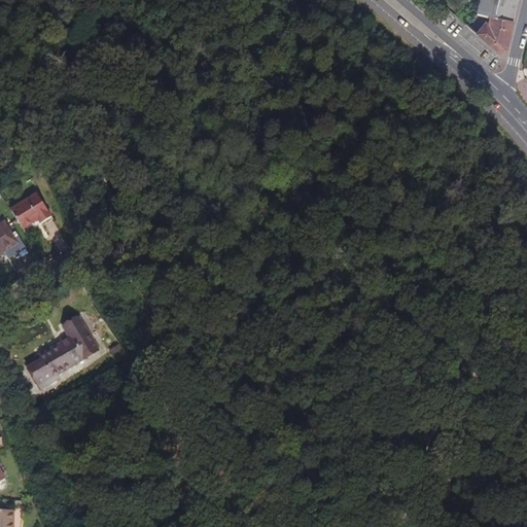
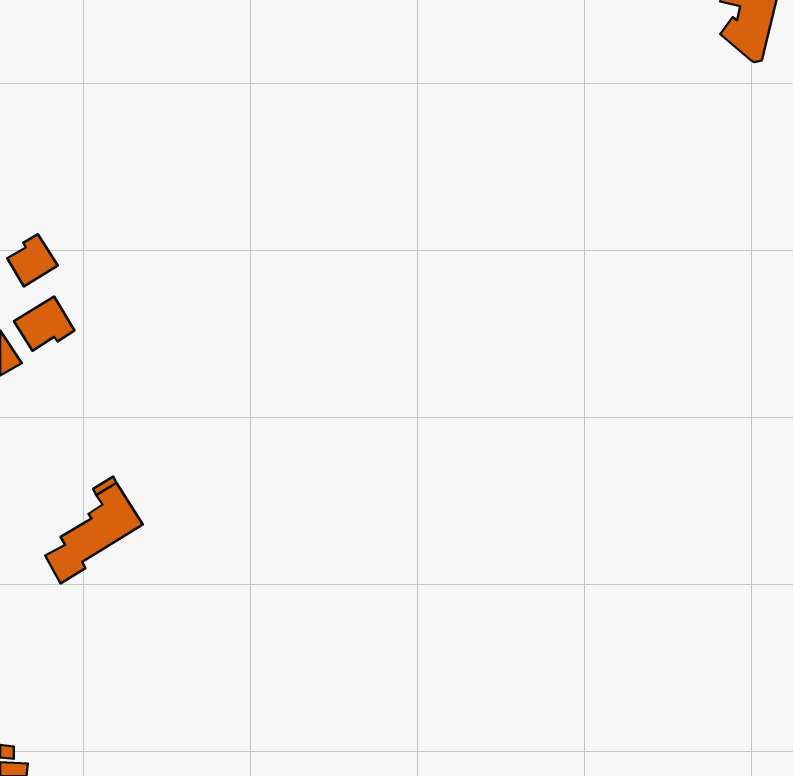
building: none -> [7,234,58,286]

